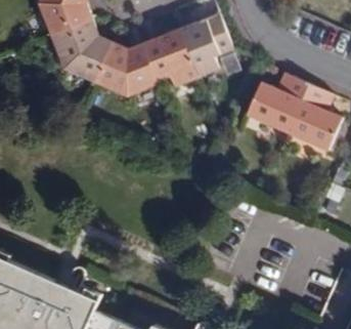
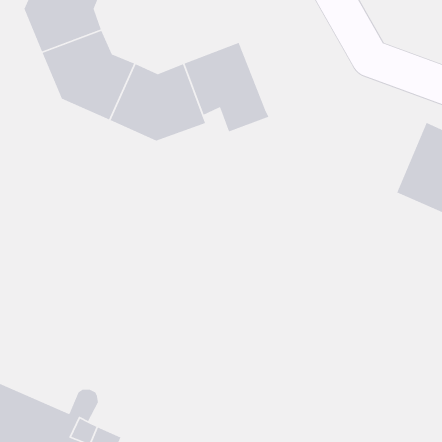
building: [180,15,232,77] -> none
building: [248,74,307,132] -> none

